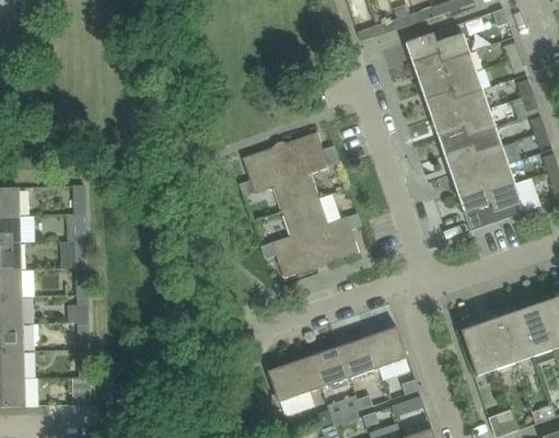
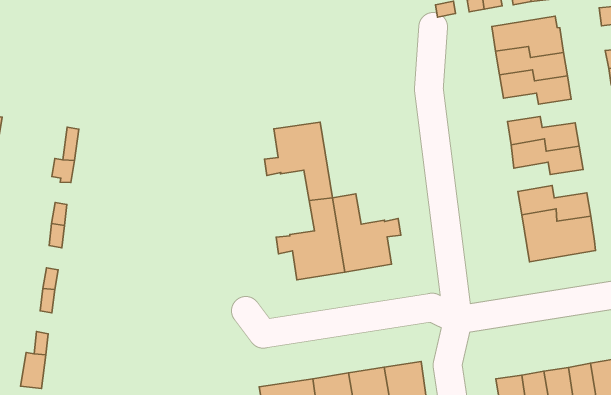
building: [427,90,489,117] -> none
building: [280,131,340,205] -> none
building: [445,145,509,173] -> none

